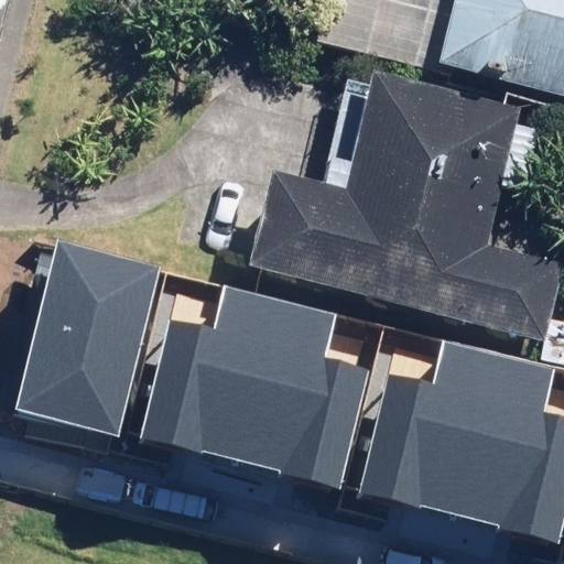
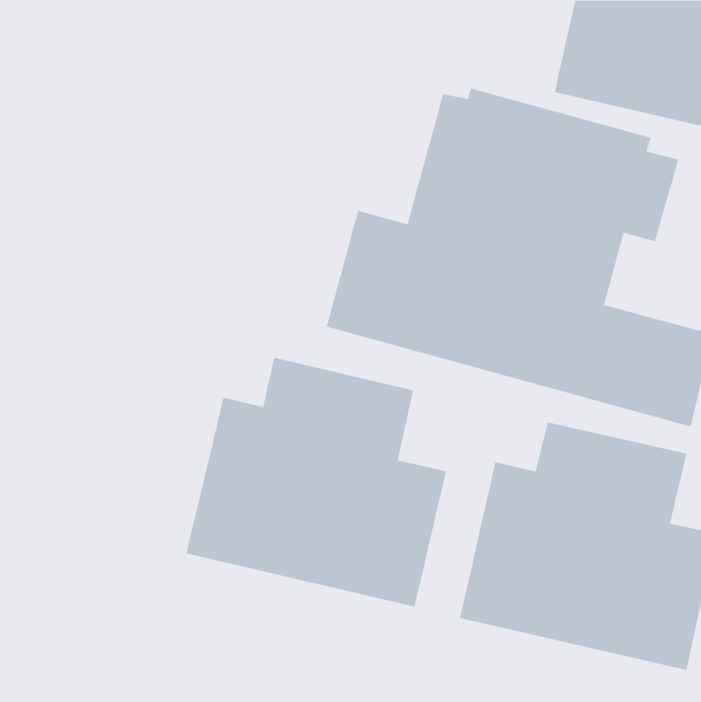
building: [20,242,158,431] -> none

